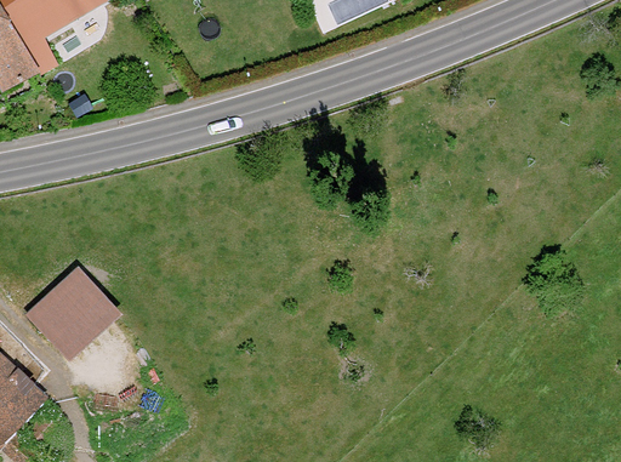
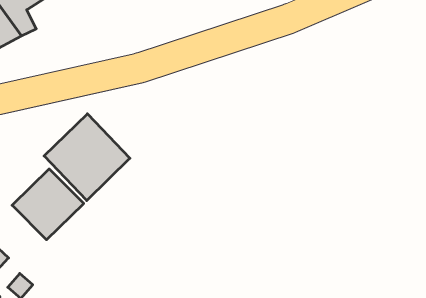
building: none -> [44,114,130,201]

